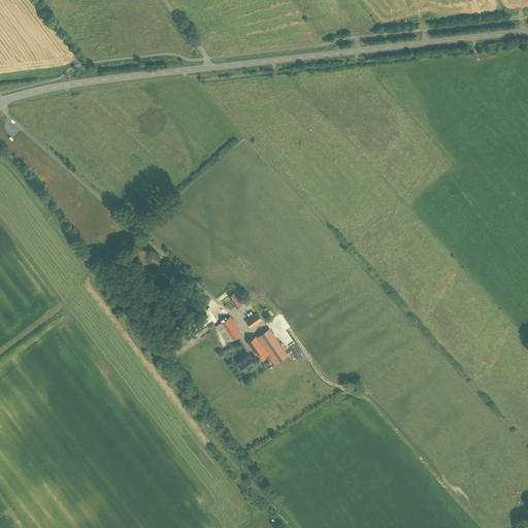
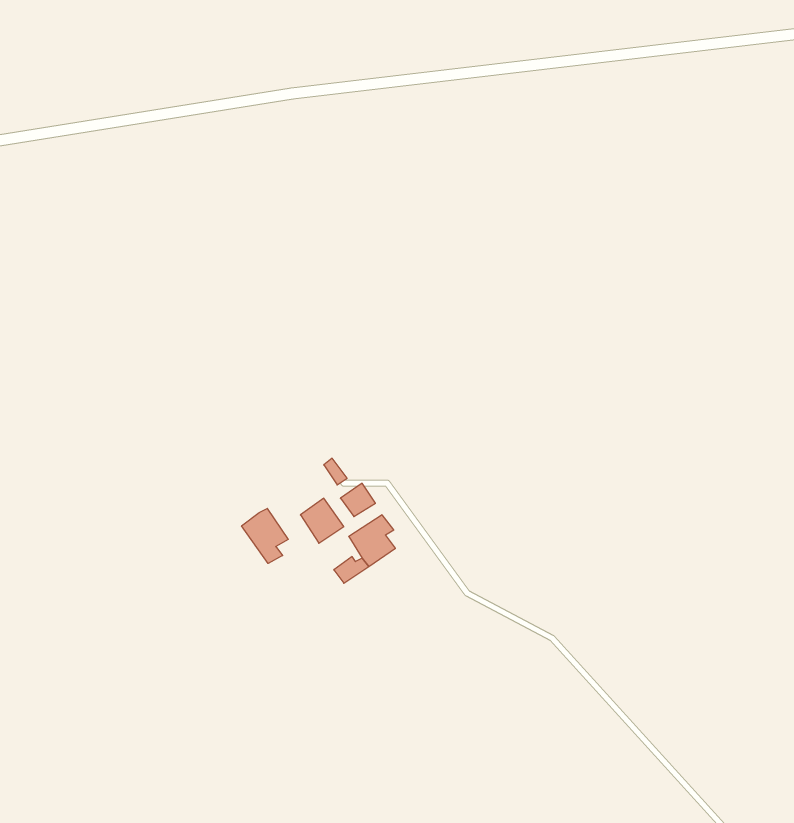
building: none -> [242,508,288,563]

